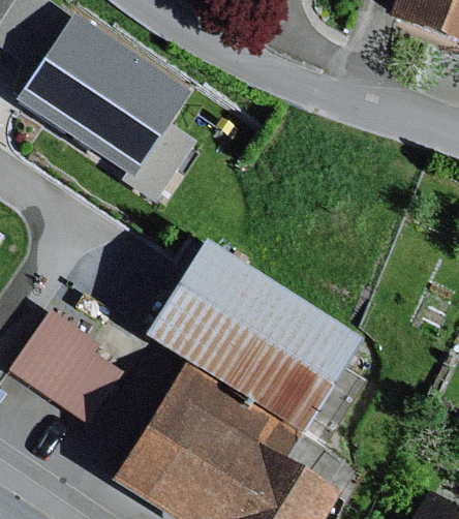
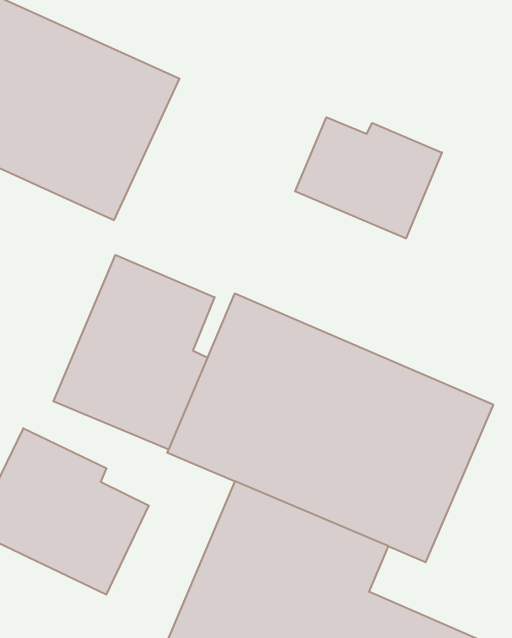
building: none -> [295,117,442,238]
building: none -> [53,255,215,449]

